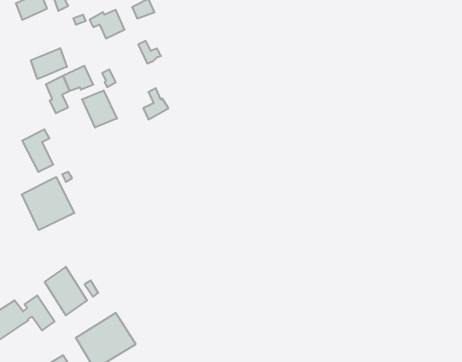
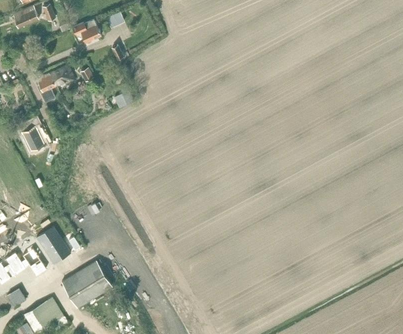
building: [31,48,67,79] -> none
building: [82,90,117,128] -> none
building: [22,177,74,230] -> none

